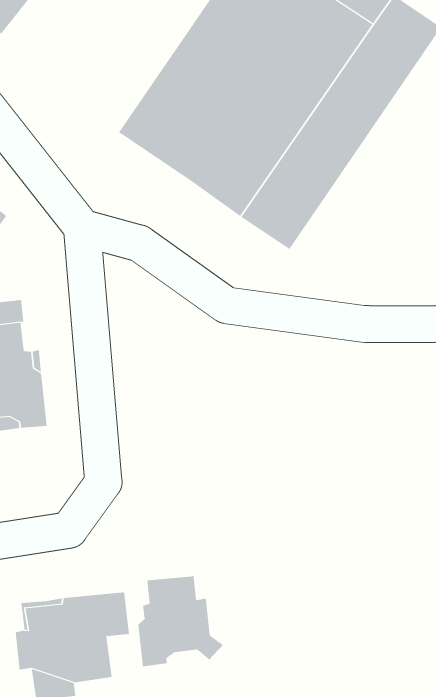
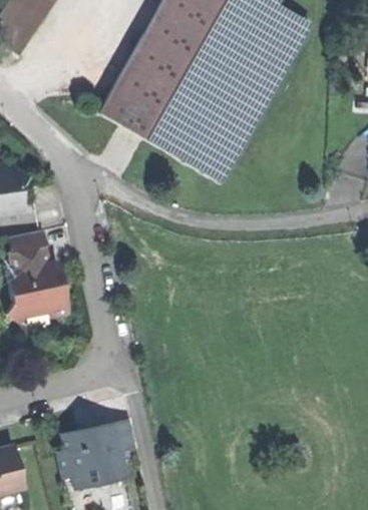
building: [138,575,224,667] -> none

